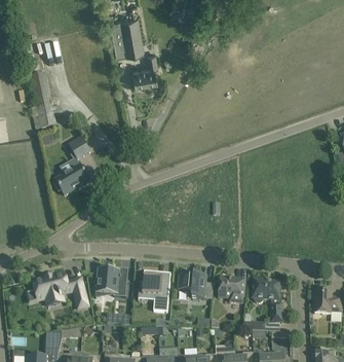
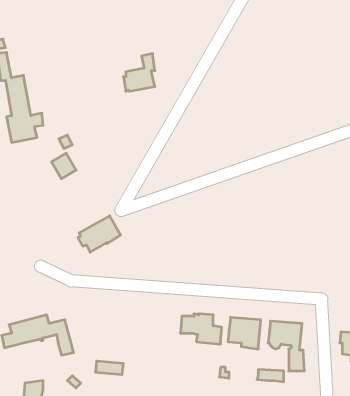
building: [109,16,143,57] -> none
building: [53,164,89,194] -> [78,216,121,252]
building: [94,266,127,296] -> none
building: [137,269,169,311] -> none

